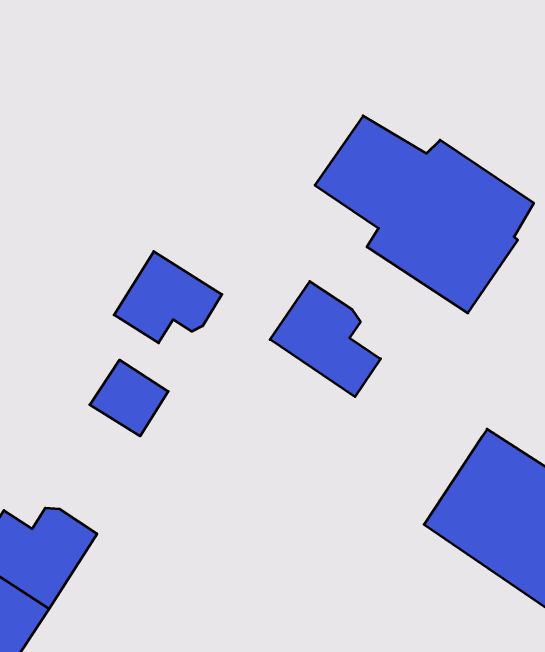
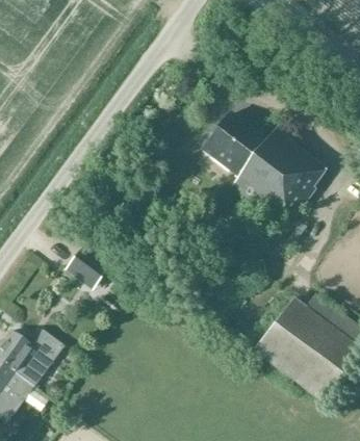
building: [114,251,222,343] -> none
building: [270,281,381,397] -> none

